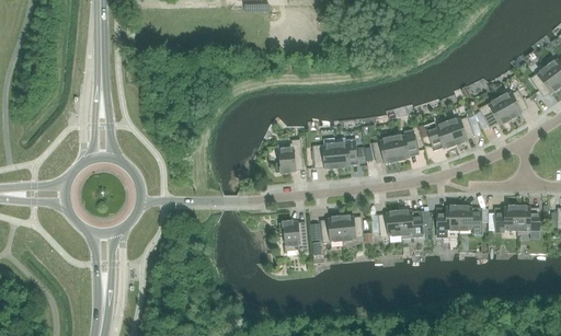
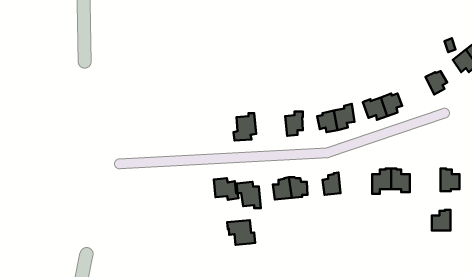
building: [480,97,510,124] -> none
building: [313,143,337,167] -> none
building: [495,205,517,229] -> [432,210,451,231]
building: [398,209,424,237] -> none
building: none -> [214,178,238,200]
building: none -> [227,220,255,245]

